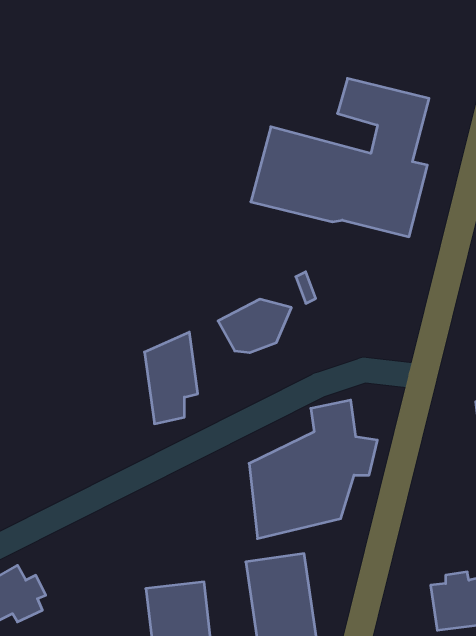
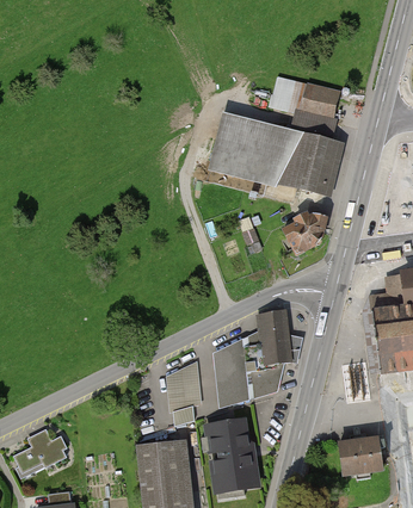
building: [218,299,291,353] -> [275,215,327,253]
building: [144,332,198,424] -> [165,361,203,427]

